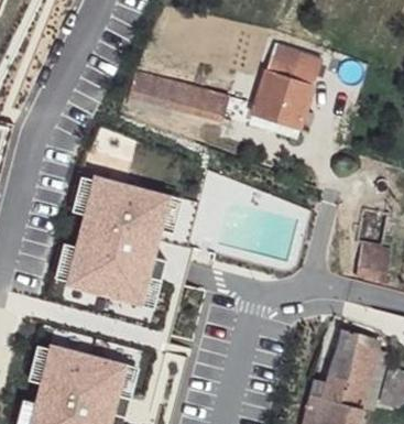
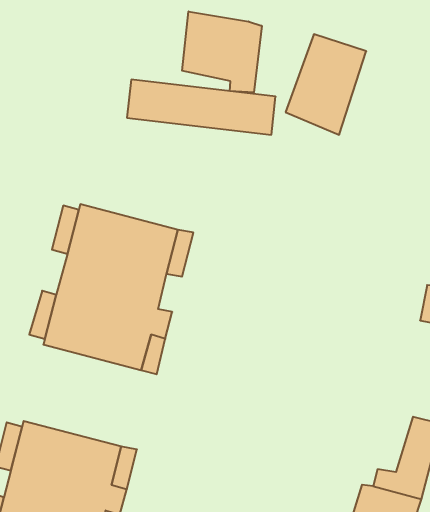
building: none -> [182,11,262,92]

